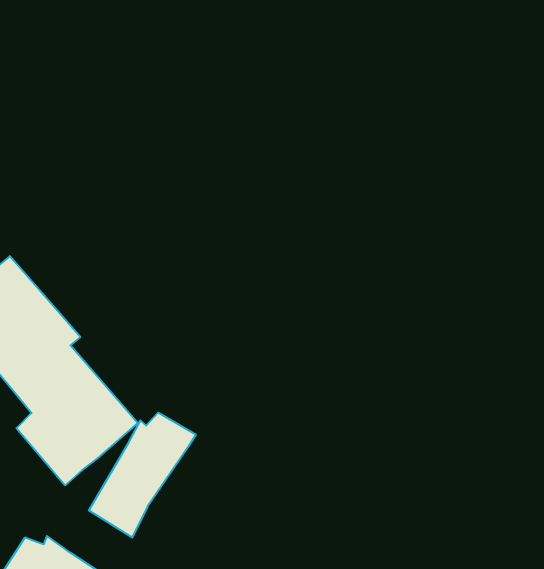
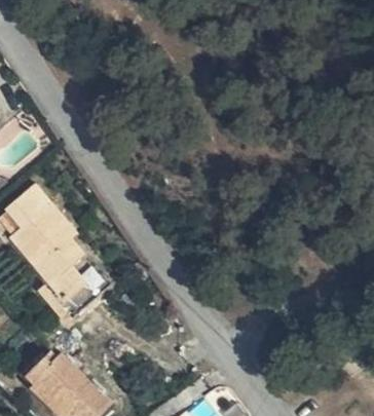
building: [89,413,196,538] -> none

